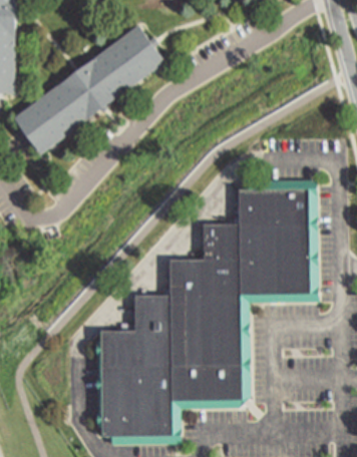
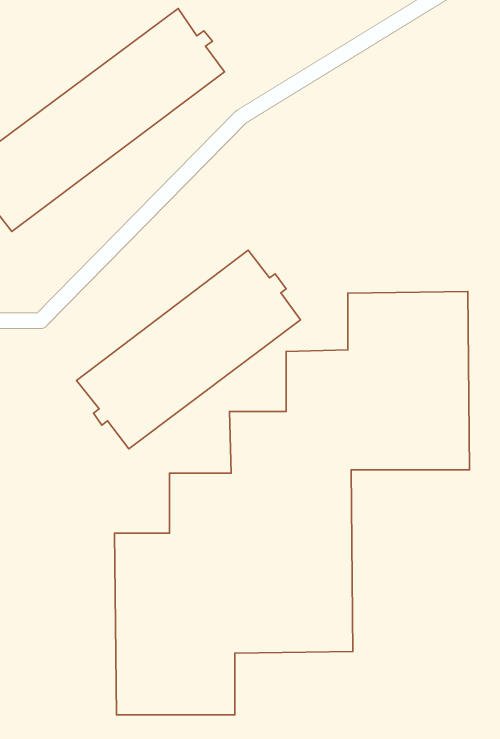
building: none -> [76,250,300,449]

